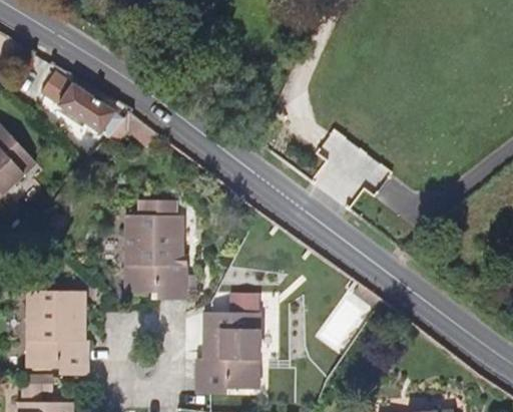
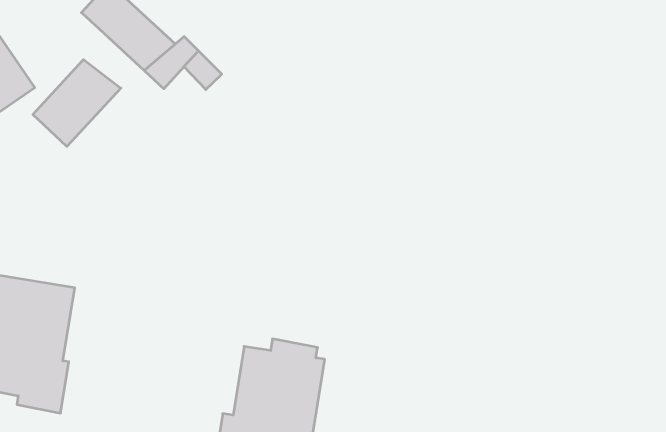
building: none -> [33,60,121,146]
building: [124,200,195,301] -> none

